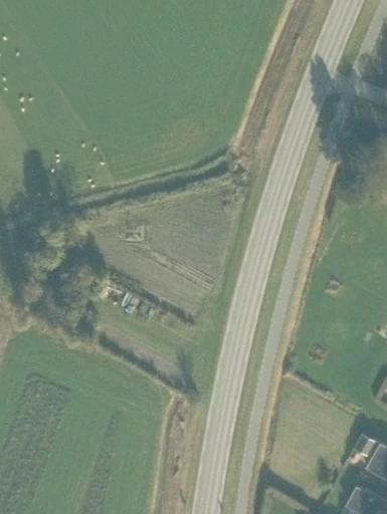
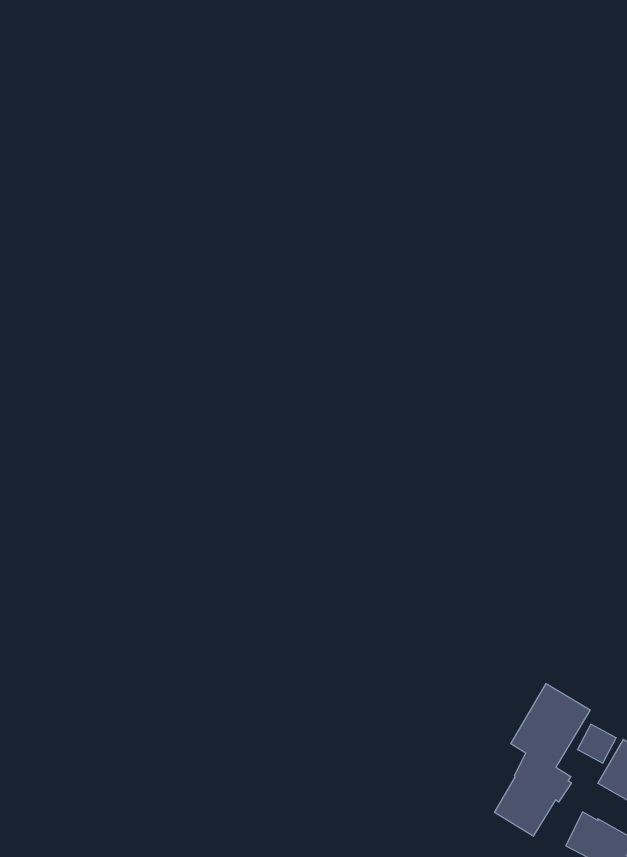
building: none -> [495,684,590,836]

